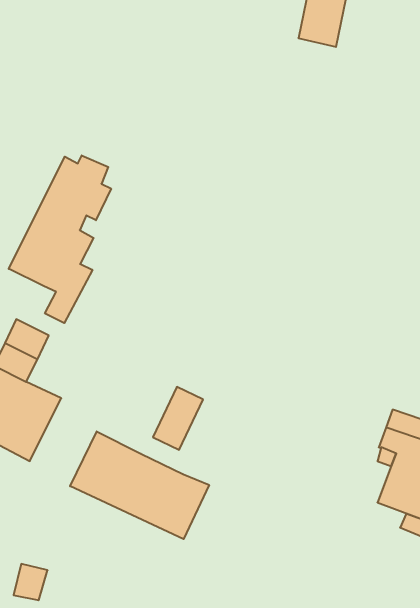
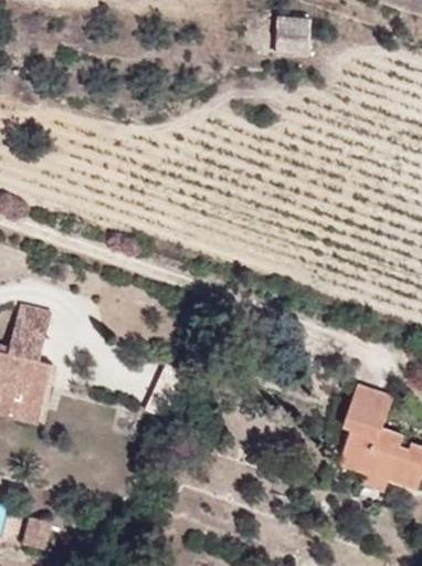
building: [9,155,111,323] -> none
building: [70,431,209,539] -> none

